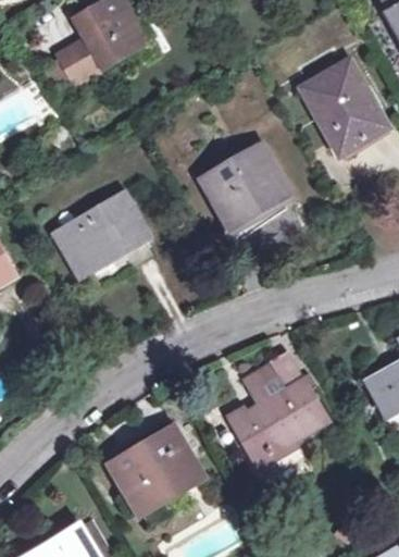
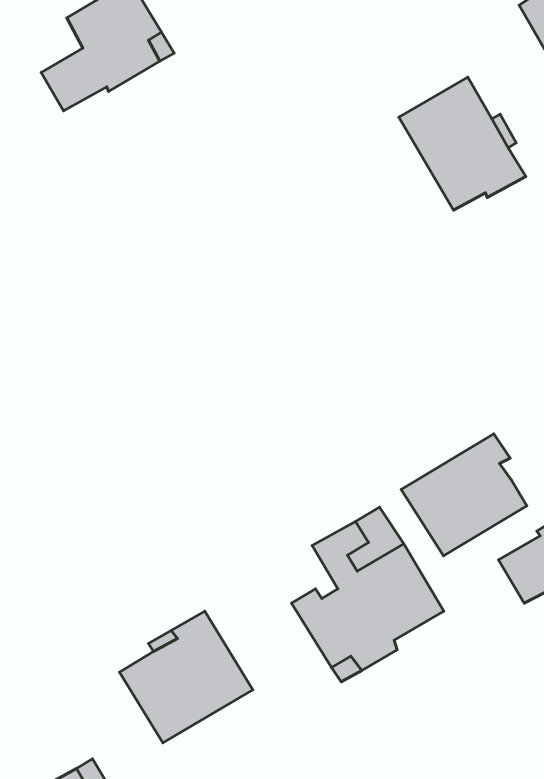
building: [203,145,288,228] -> none
building: [58,194,146,273] -> none
building: none -> [401,434,527,556]

